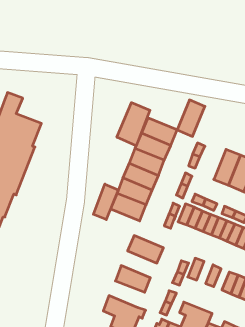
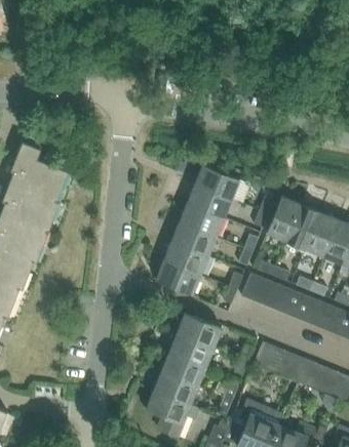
building: [177,100,205,136] -> [267,196,302,242]
building: [117,103,150,146] -> none
building: [93,184,118,220] -> none
building: none -> [169,332,215,366]
building: none -> [265,346,306,381]
building: none -> [154,370,199,404]

